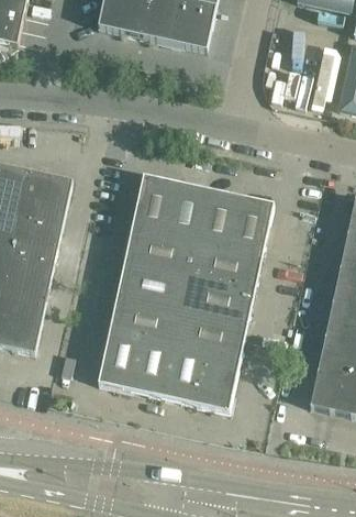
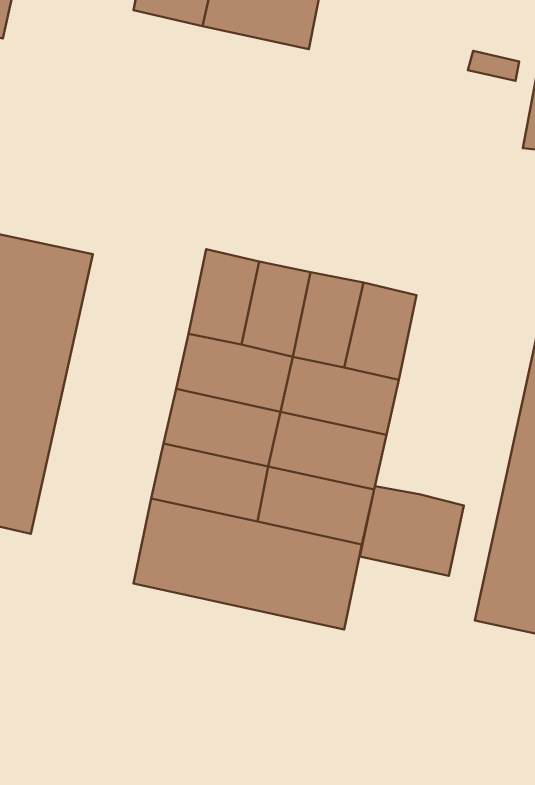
building: none -> [360,486,464,576]

